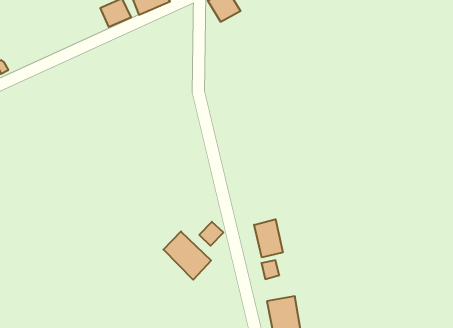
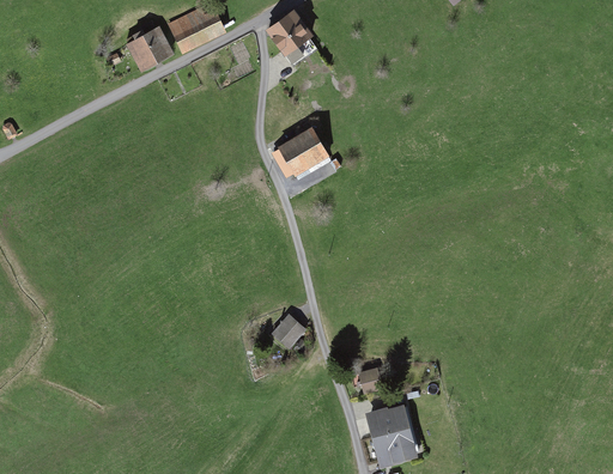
building: none -> [278,132,324,176]
building: [254,219,283,257] -> none
building: [163,231,211,280] -> none

